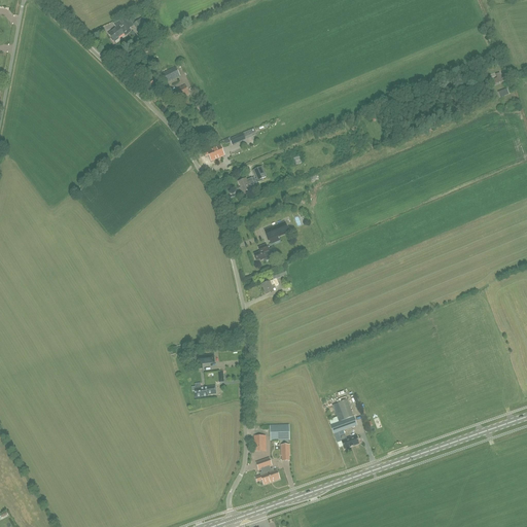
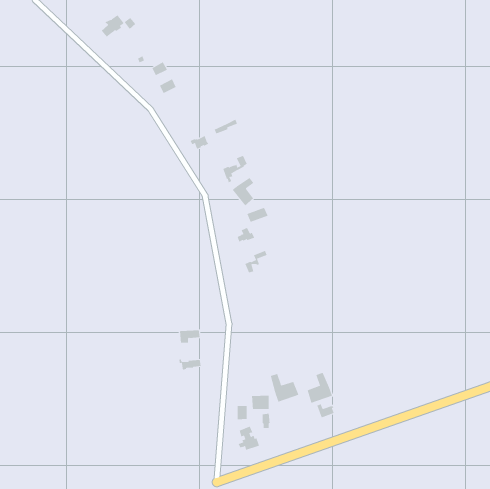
building: none -> [232,177,254,206]
building: none -> [270,373,299,402]

